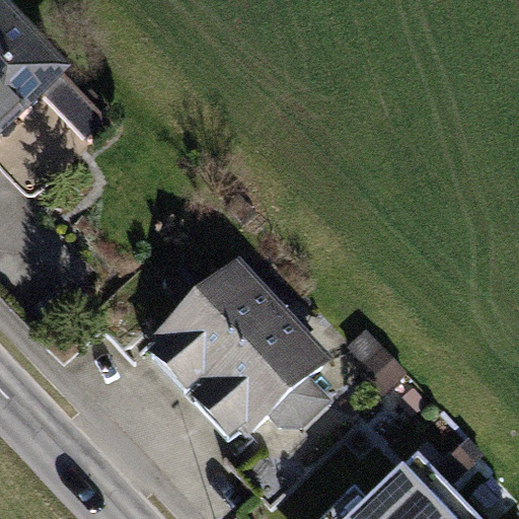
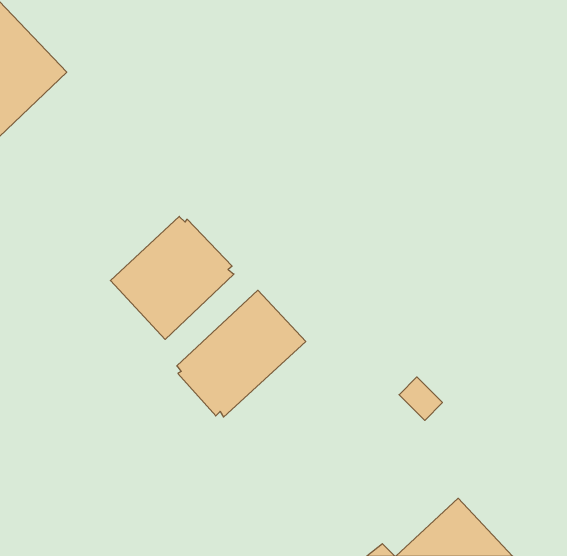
building: none -> [110,216,234,339]
building: [204,311,326,426] -> none

